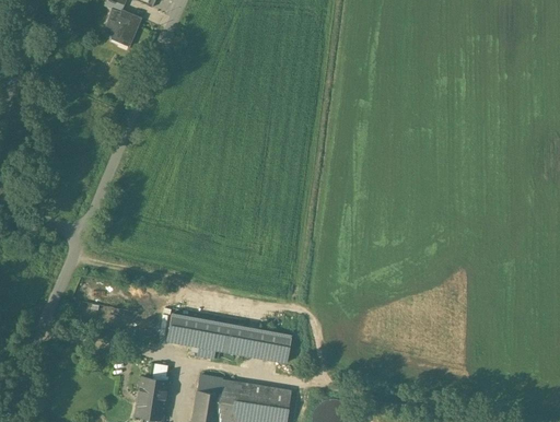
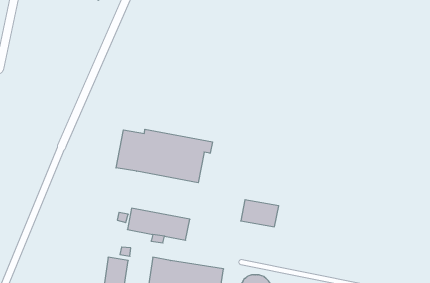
building: none -> [116,129,212,183]
building: [242,327,291,362] -> [241,200,279,227]

